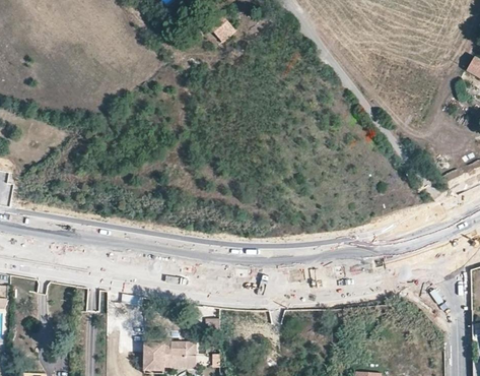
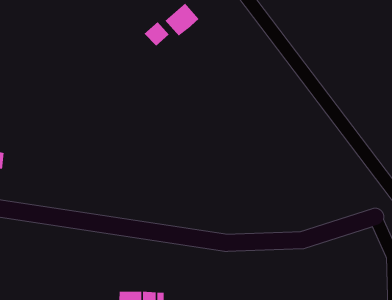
building: none -> [144,21,169,47]

